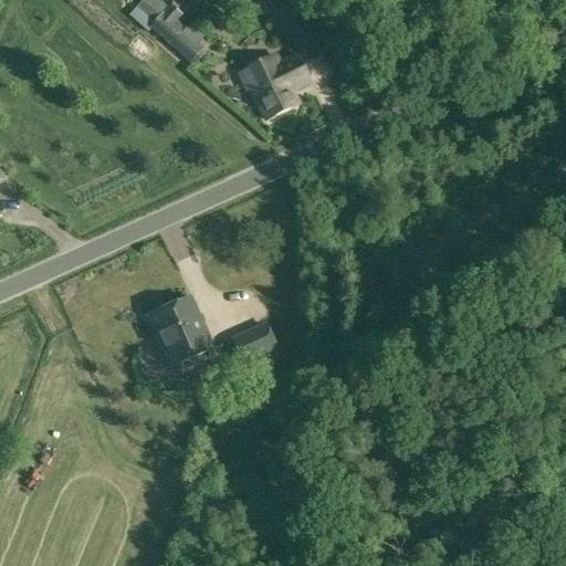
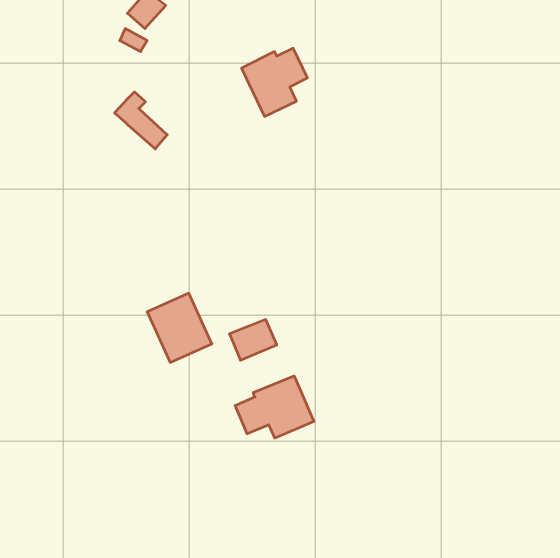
building: [150,4,203,62] -> [115,92,167,149]
building: none -> [235,376,314,438]

